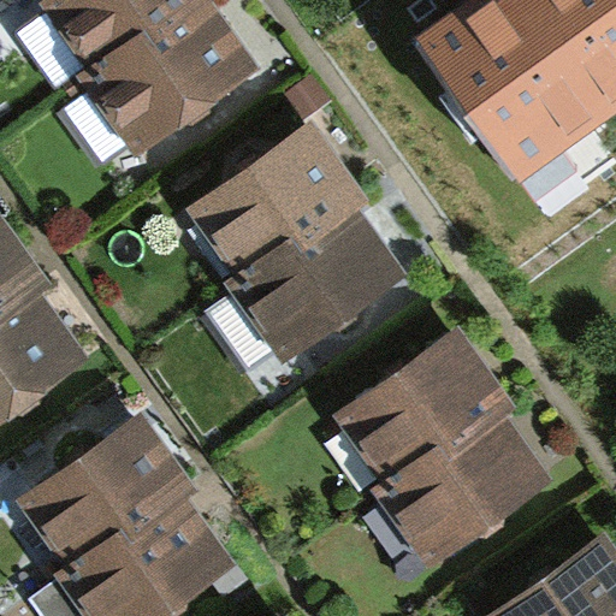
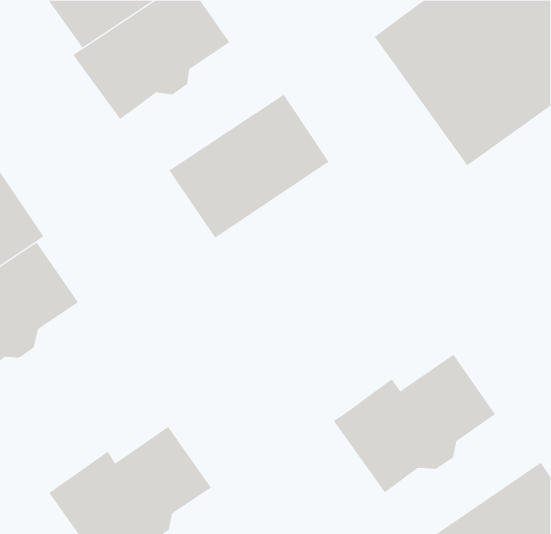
building: [230,203,407,362] -> none
building: [333,328,514,482] -> none
building: [16,409,197,563] -> none

